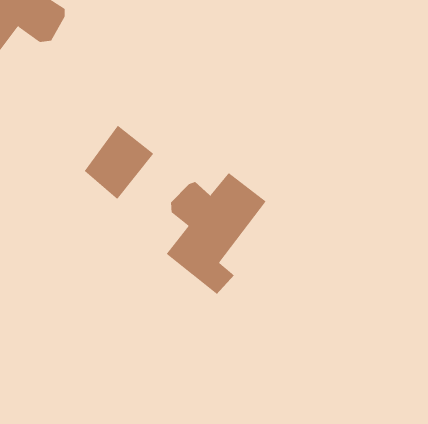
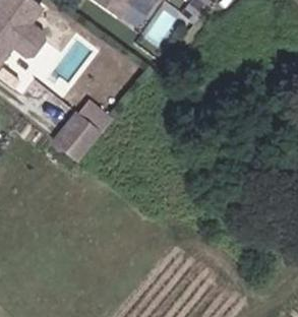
building: [166,172,267,295] -> none

